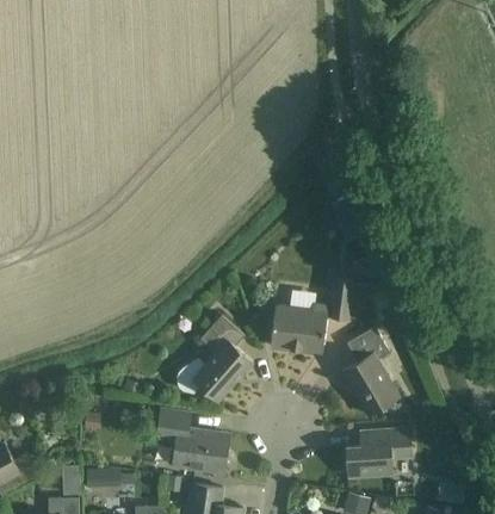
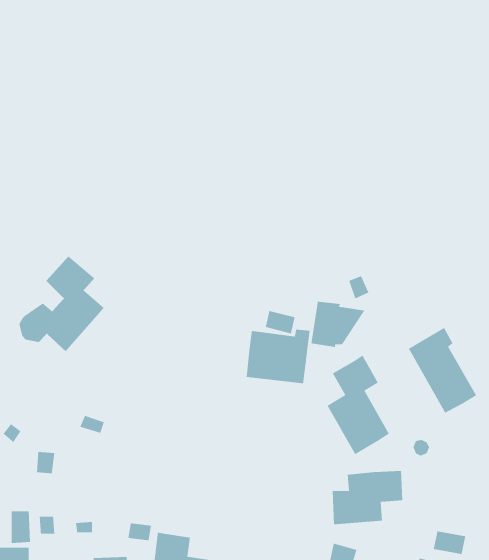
building: none -> [408,327,477,414]
building: [177,316,253,402] -> [19,255,105,352]
building: [156,409,229,472] -> none

